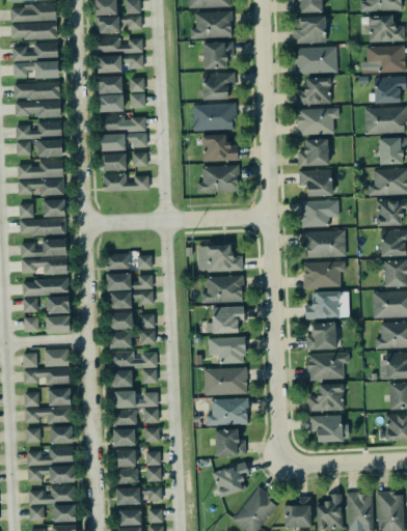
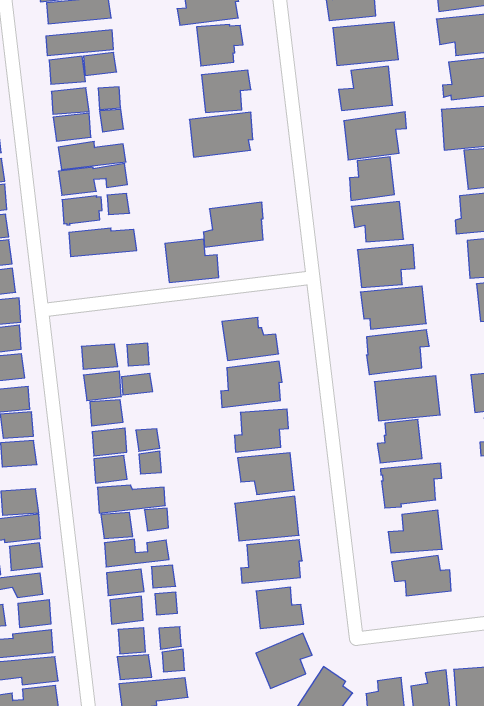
building: [202,134,238,162] -> [165,239,219,282]

